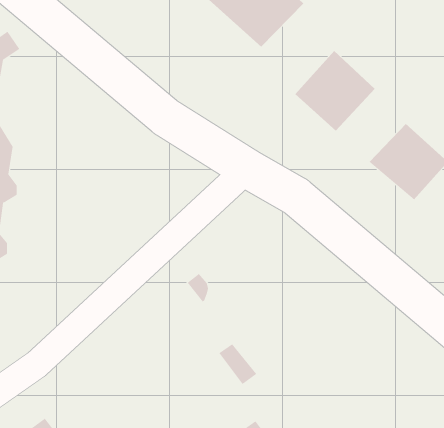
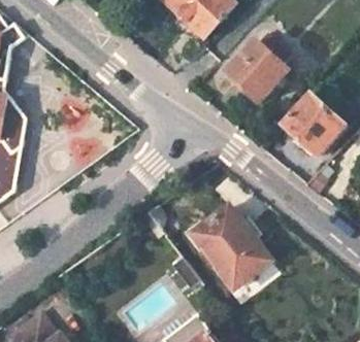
building: none -> [194,208,270,288]

